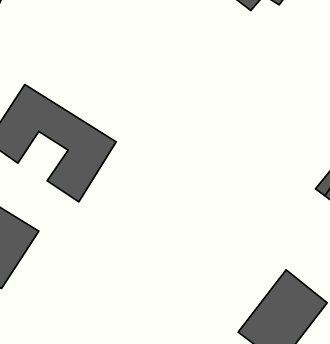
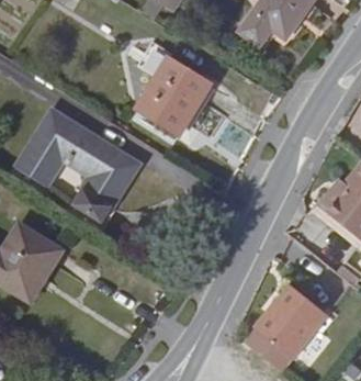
building: none -> [136,51,208,132]

